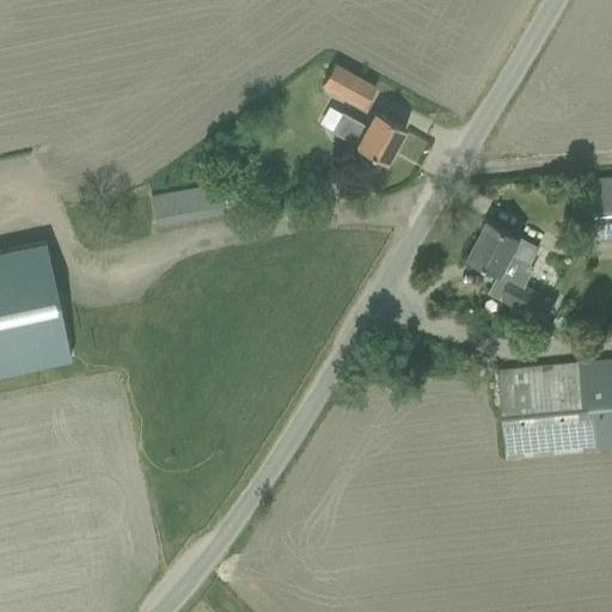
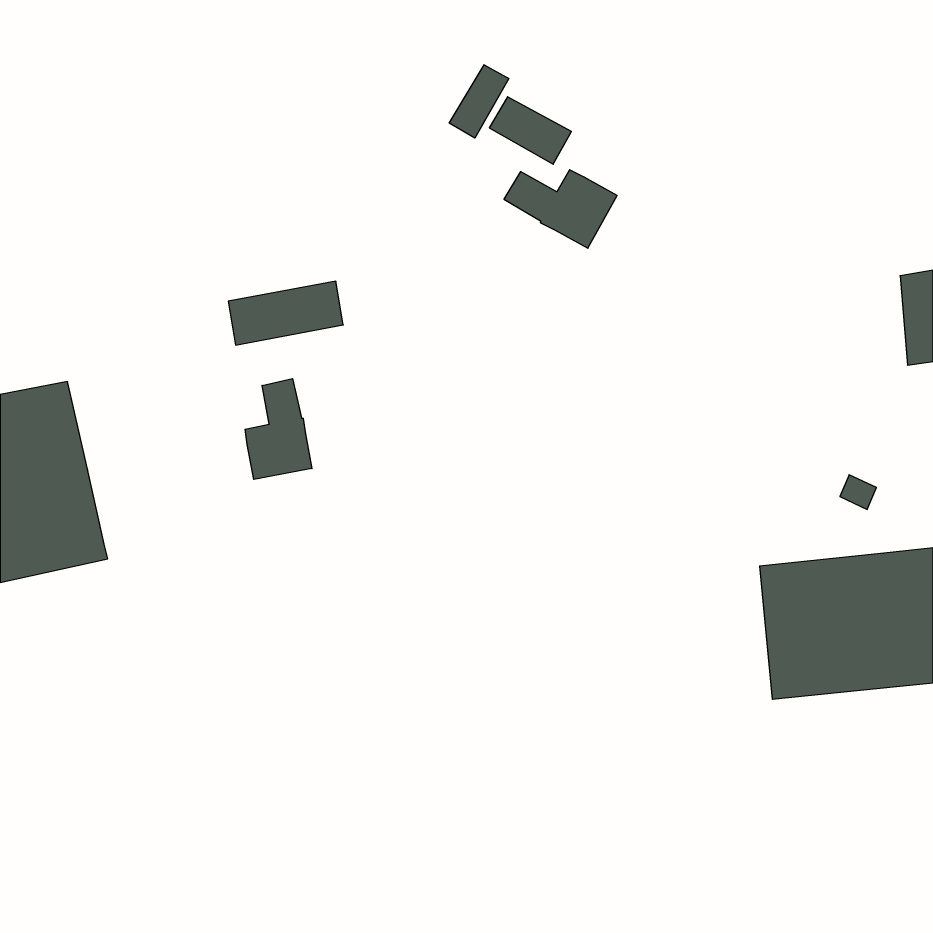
building: none -> [449,65,509,138]
building: [469,220,552,317] -> none
building: none -> [245,379,312,479]

